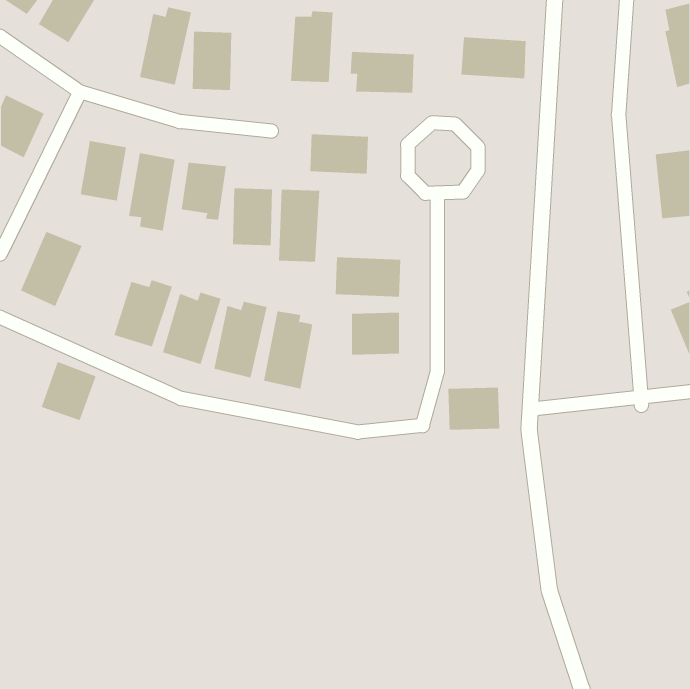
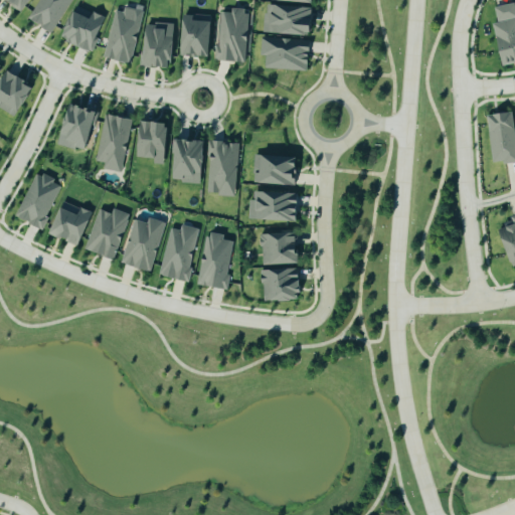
building: none -> [62,5,106,50]
building: none -> [182,14,211,57]
building: [460,37,527,79] -> [264,4,313,35]
building: [309,134,369,174] -> [253,155,298,185]
building: [41,361,96,421] -> [50,201,92,245]
building: [447,387,500,430] -> [262,269,301,301]

